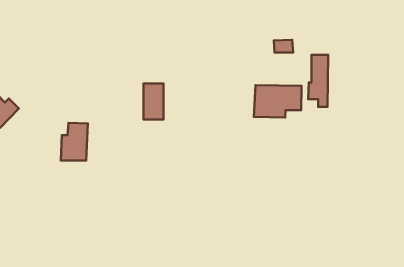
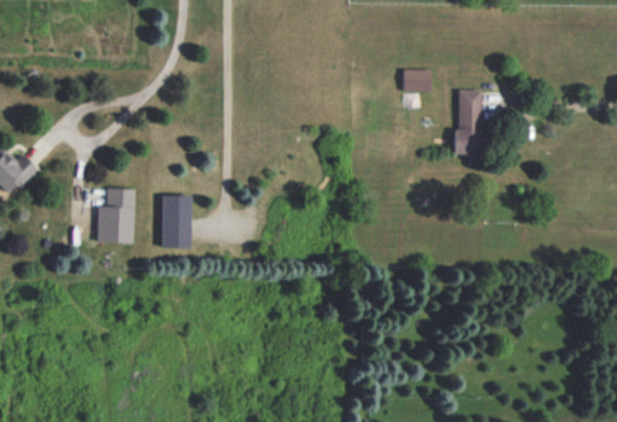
building: [143,84,163,120] -> [163,195,192,247]
building: [254,85,302,118] -> none

